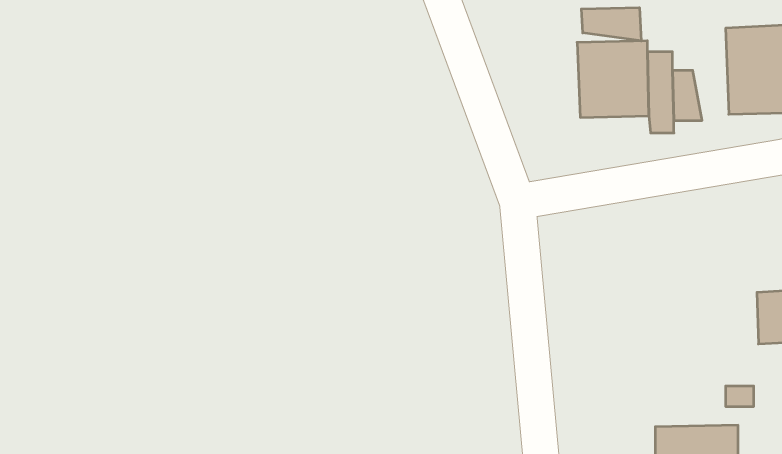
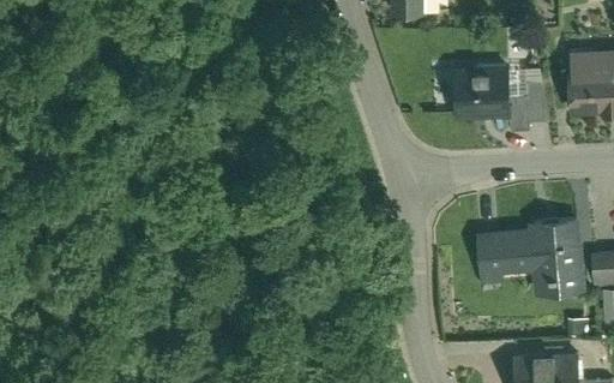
building: [581,8,641,41] -> none
building: none -> [477,220,585,294]

